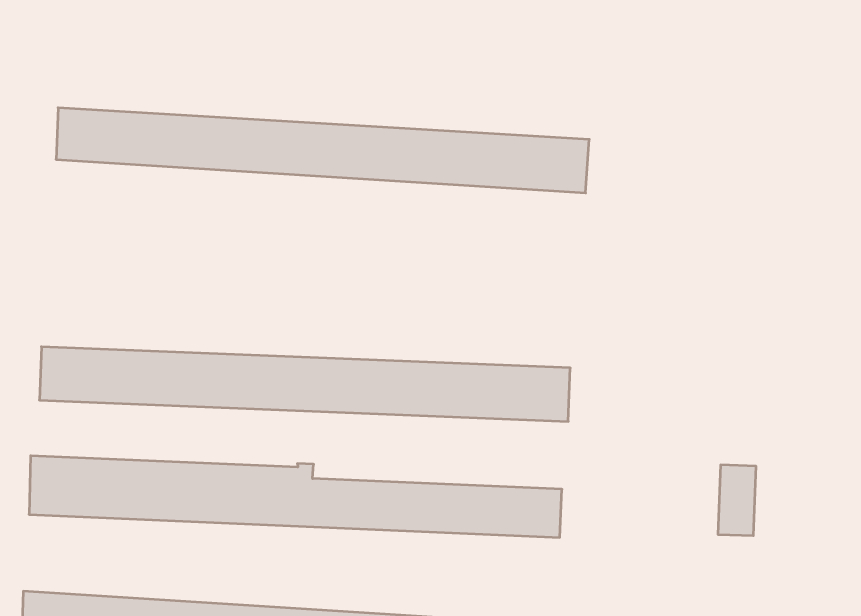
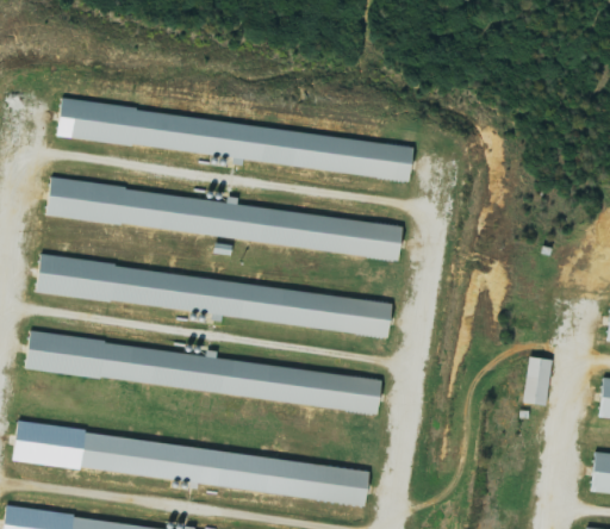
building: none -> [44,180,404,255]
building: [718,465,756,536] -> [522,356,550,405]

